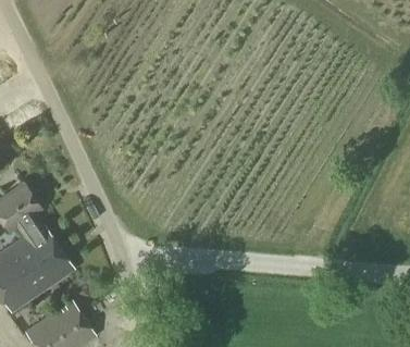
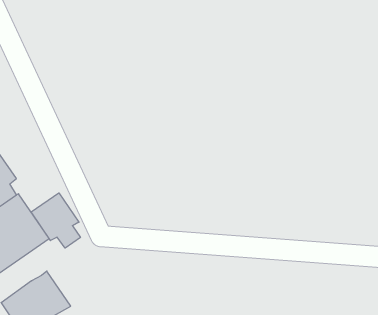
building: none -> [31,193,80,248]

